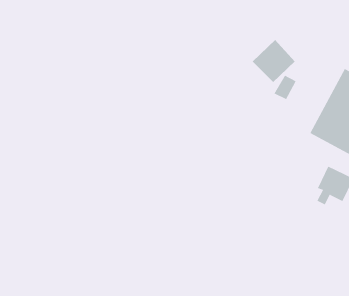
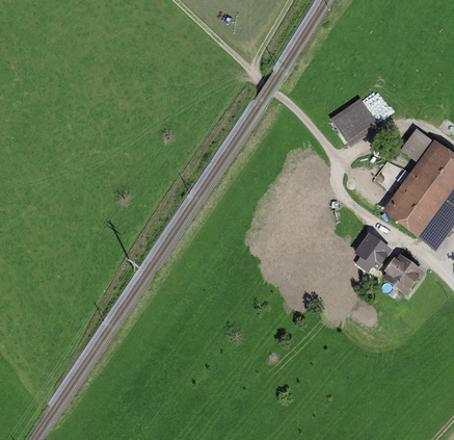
building: [274,75,296,100] -> [401,129,429,158]
building: none -> [354,232,393,271]

